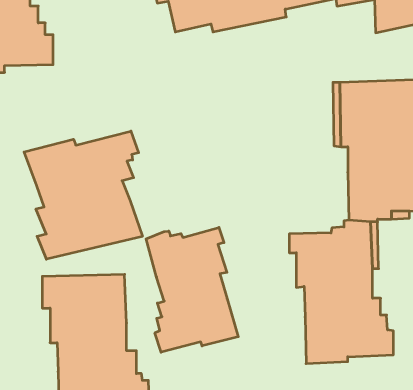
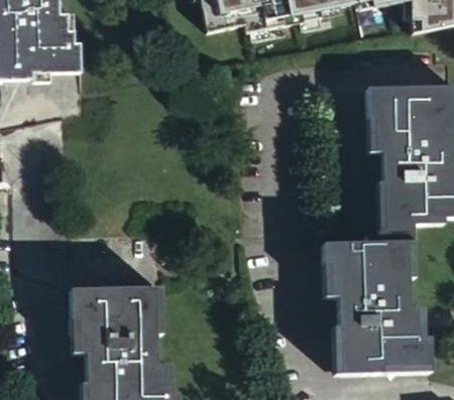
building: [24,131,142,259] -> none
building: [146,227,238,352] -> none

